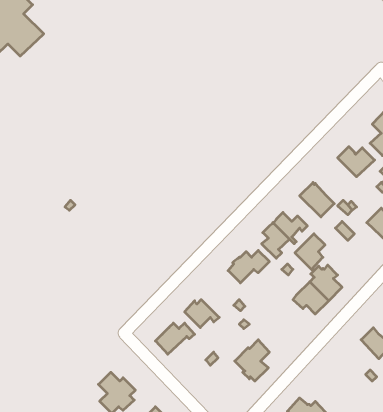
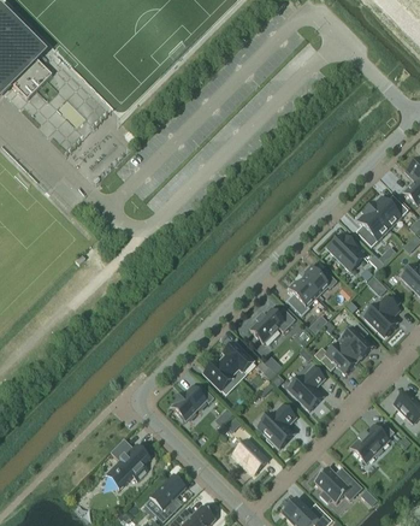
building: none -> [357,207,389,247]
building: [295,234,325,270] -> [366,297,398,336]
building: none -> [221,342,253,379]
building: none -> [288,366,325,409]
building: none -> [350,422,394,462]
building: none -> [233,438,267,473]

